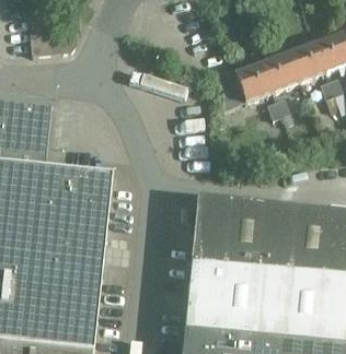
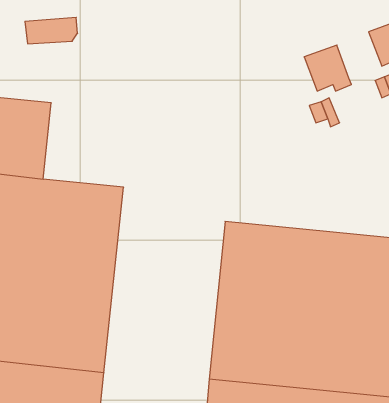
building: [290,43,327,81] -> none
building: [222,63,274,110] -> none

